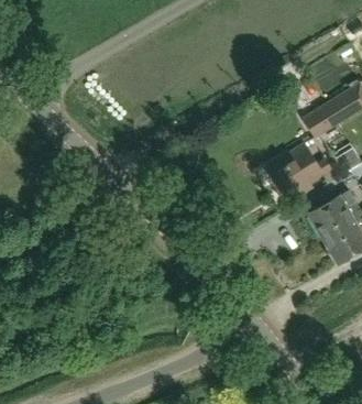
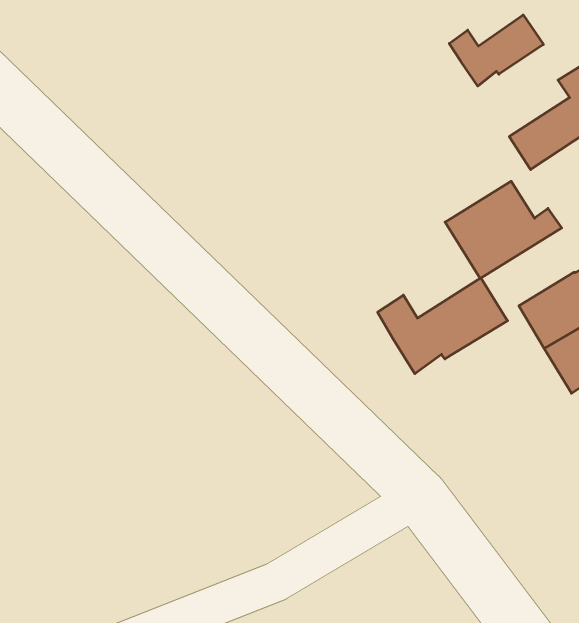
building: none -> [449,15,543,86]
building: none -> [378,278,508,374]

